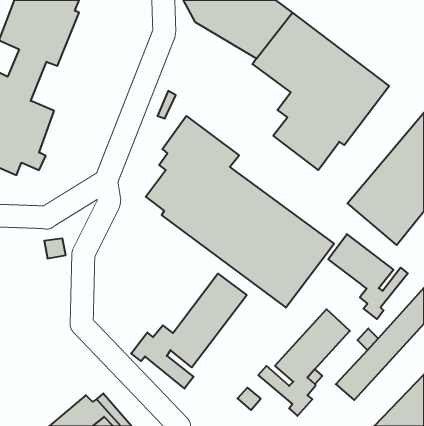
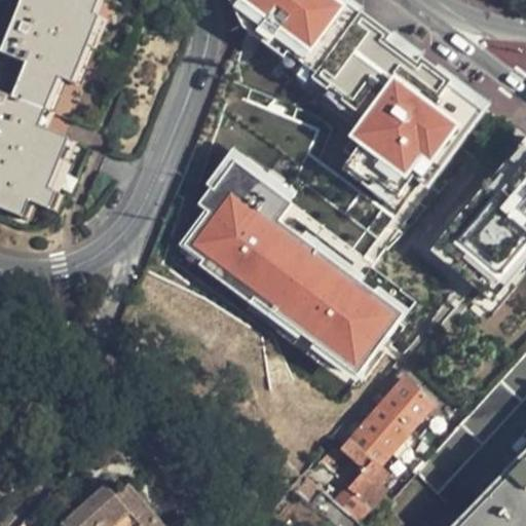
building: [328,234,408,319] -> none
building: [131,274,247,389] -> none

